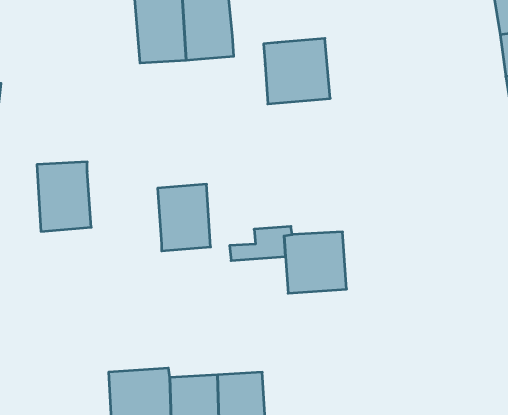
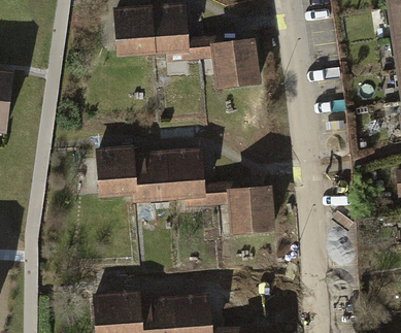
building: none -> [164,36,222,64]
building: [37,162,91,231] -> [93,146,134,199]
building: none -> [168,148,205,198]

